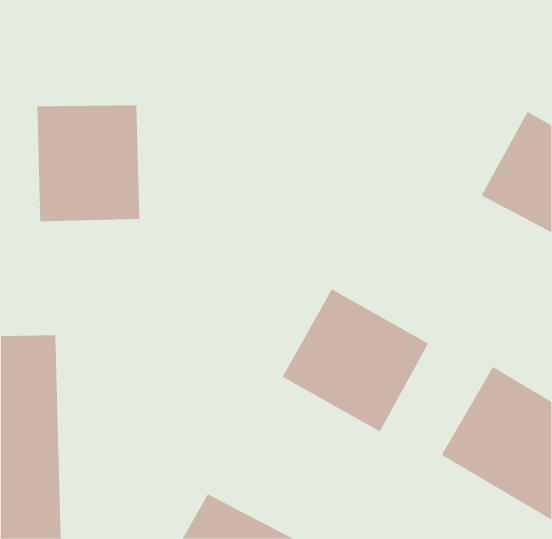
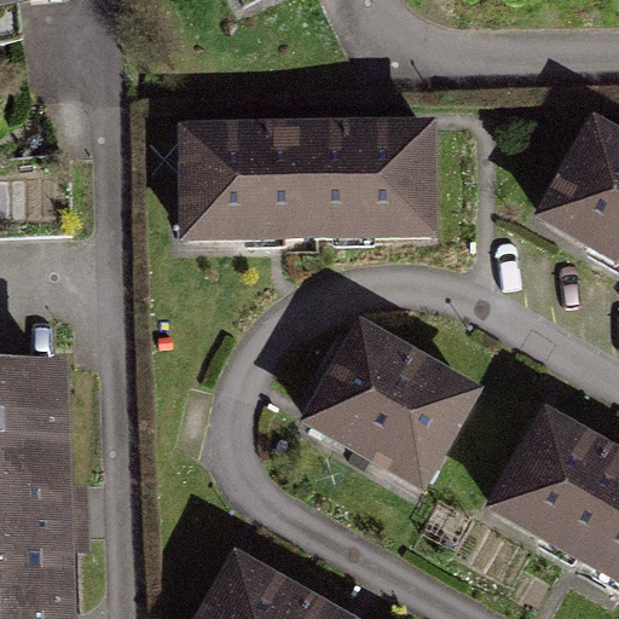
building: [37,104,140,222] -> none
building: none -> [187,125,441,235]

